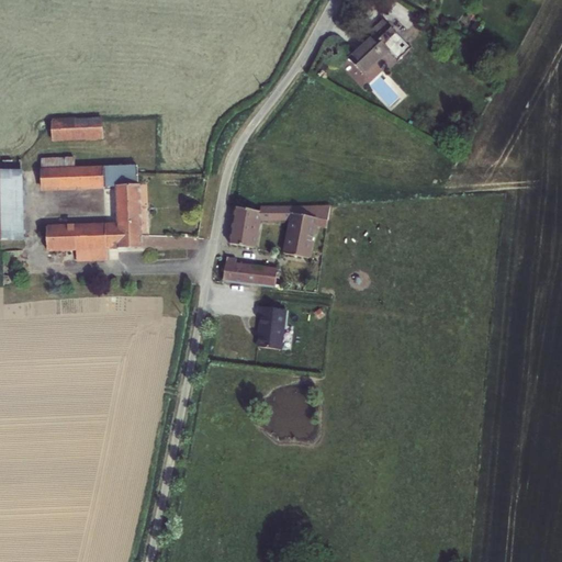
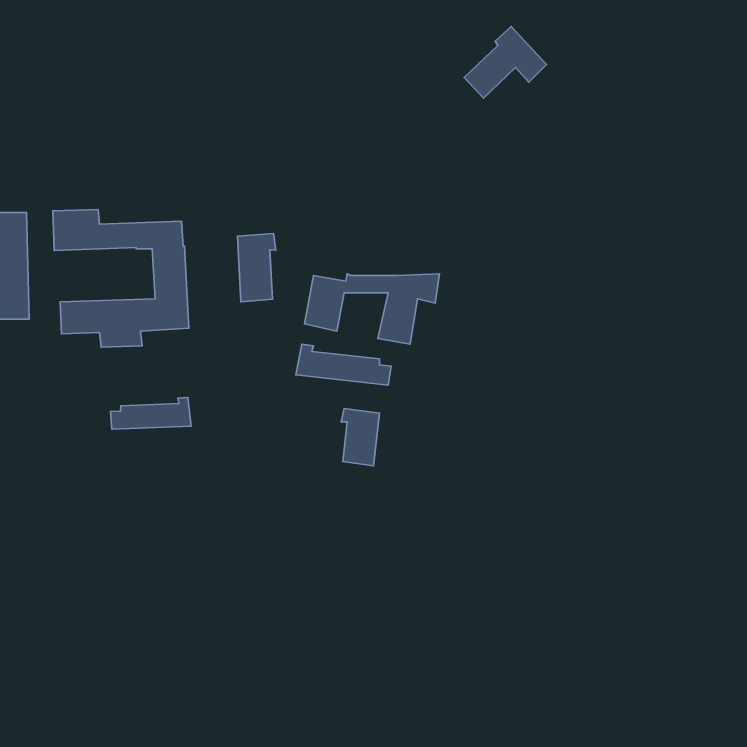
building: [50,119,101,139] -> none
building: none -> [237,234,276,302]
building: none -> [110,398,191,429]

